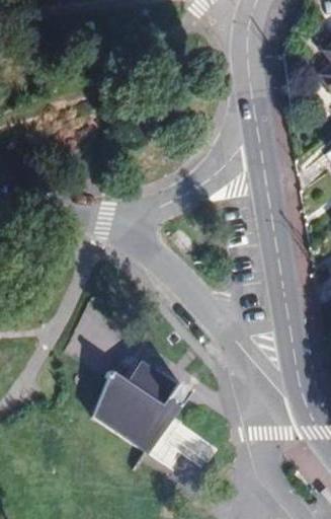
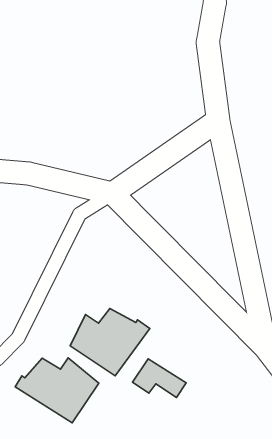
building: none -> [15,358,99,423]

